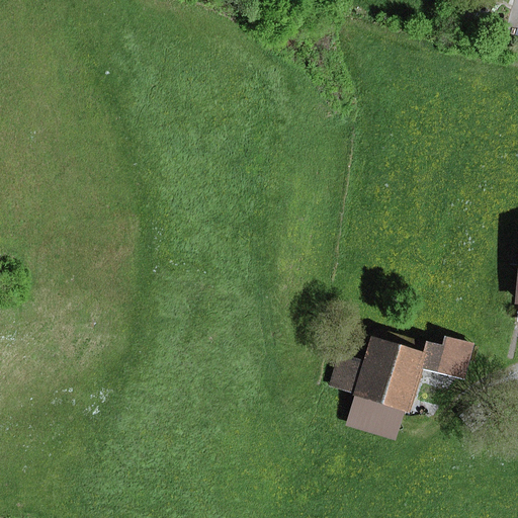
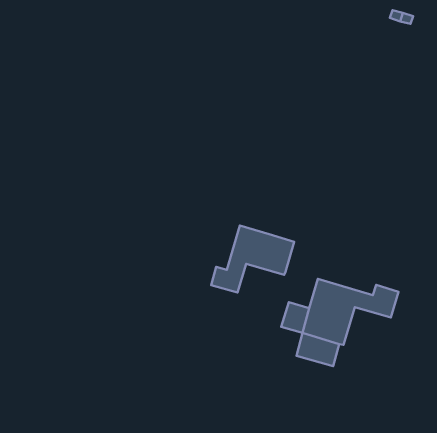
building: none -> [211,226,294,293]

